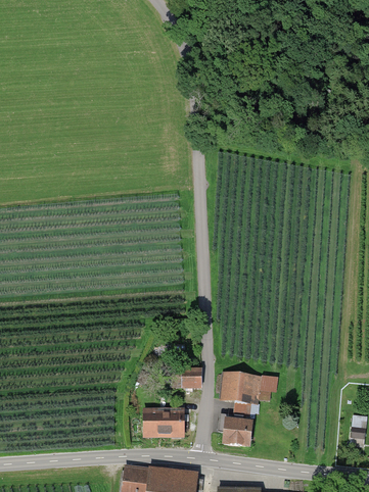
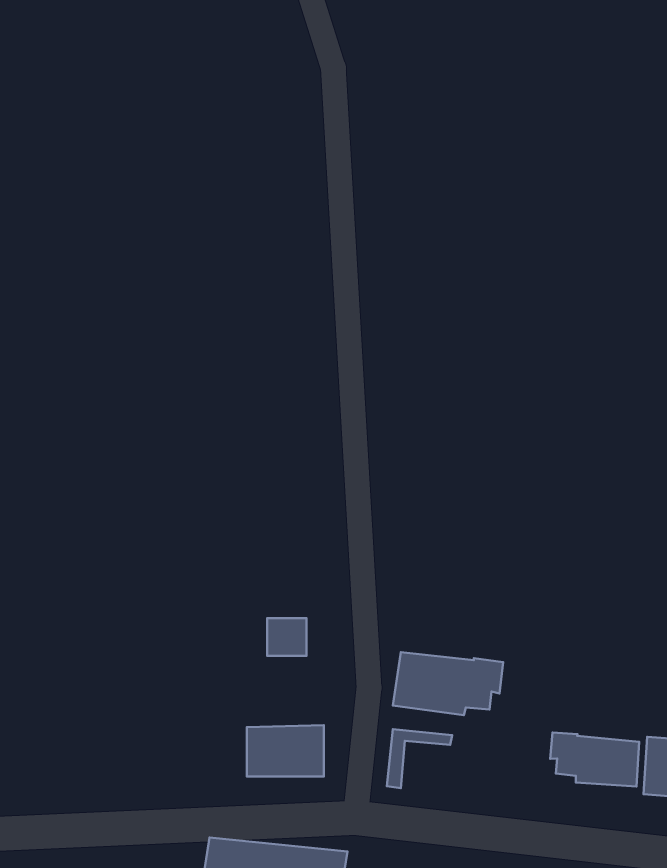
building: [182,368,202,388] -> [267,618,306,656]
building: none -> [550,732,639,787]
building: [224,419,252,446] -> none

